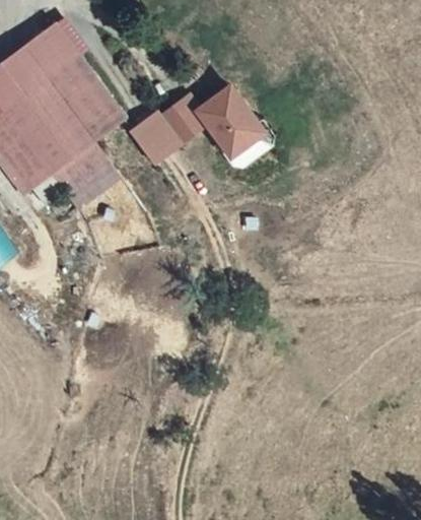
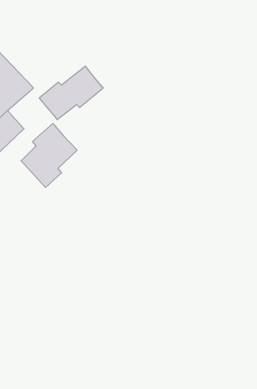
building: [197,92,255,155] -> none
building: none -> [21,124,77,187]

